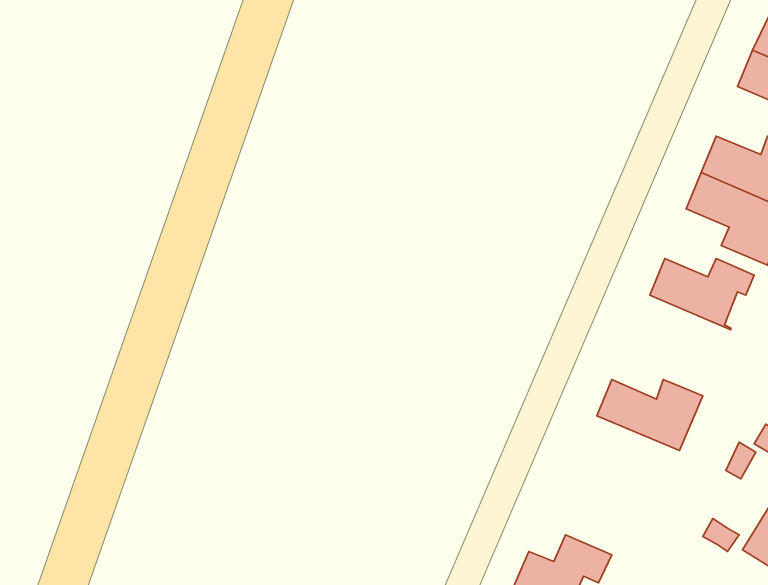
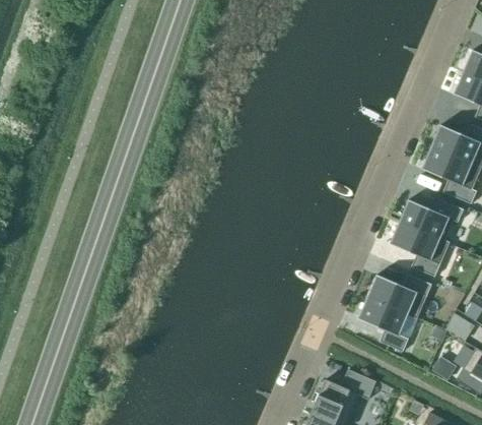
building: none -> [390,222,450,277]
building: none -> [358,296,418,351]

